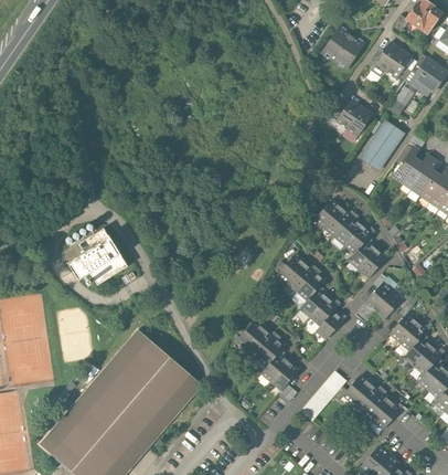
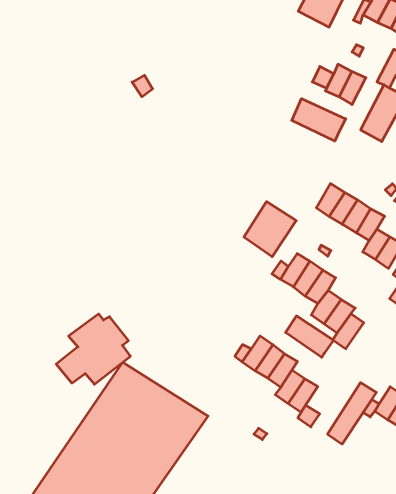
building: none -> [292,99,346,141]
building: none -> [244,202,296,257]
building: [71,225,134,284] -> [56,314,130,384]
building: none -> [286,316,333,357]

